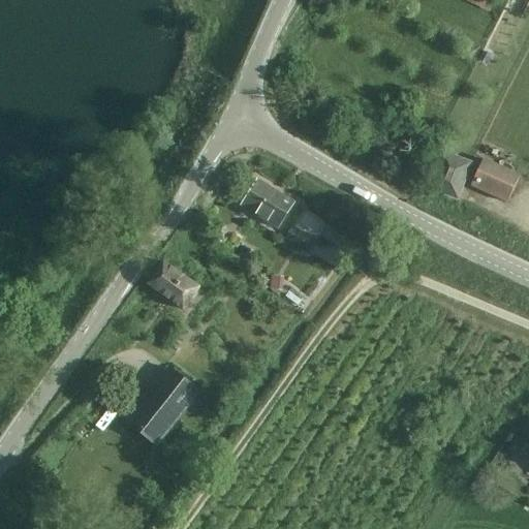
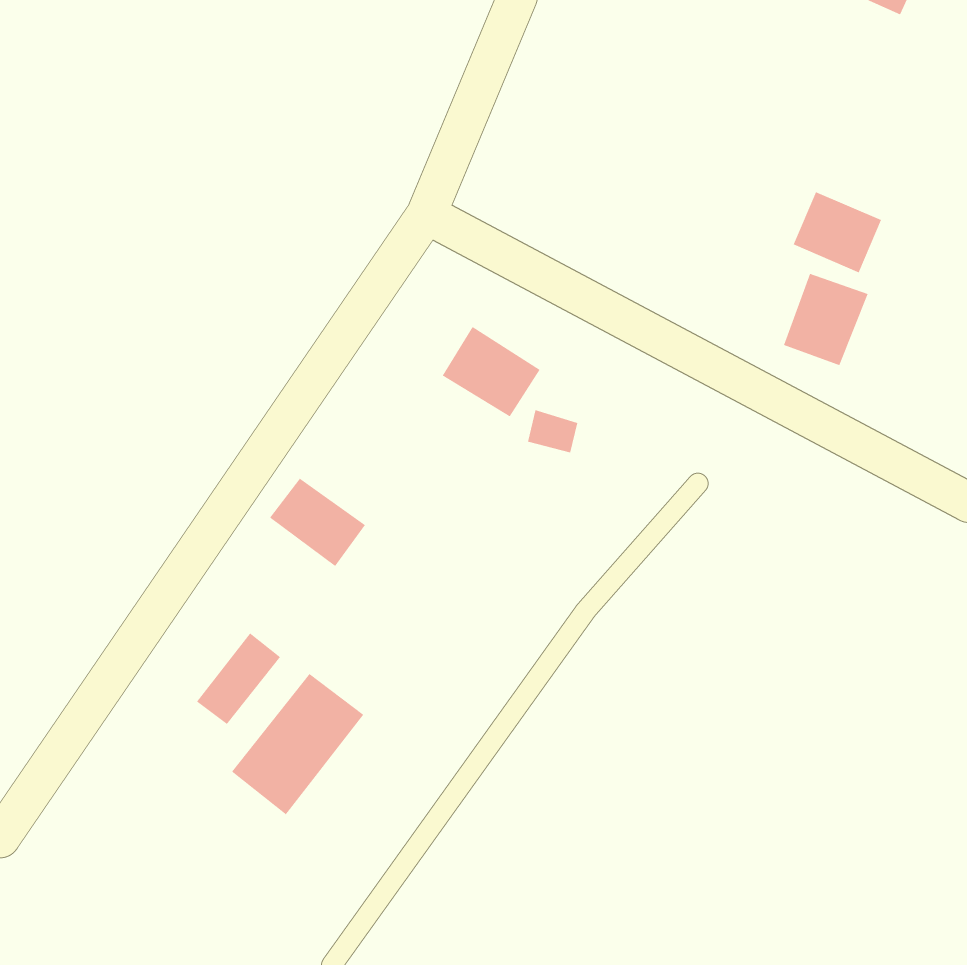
building: [471,156,520,200] -> [793,192,882,273]
building: none -> [196,632,281,725]

